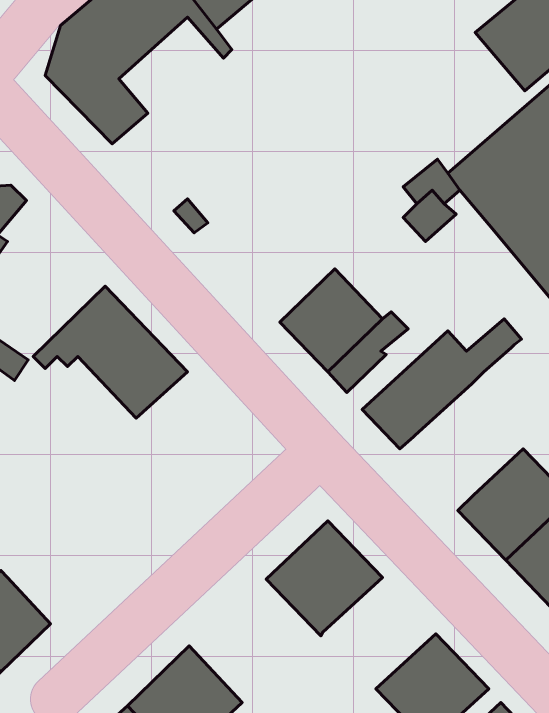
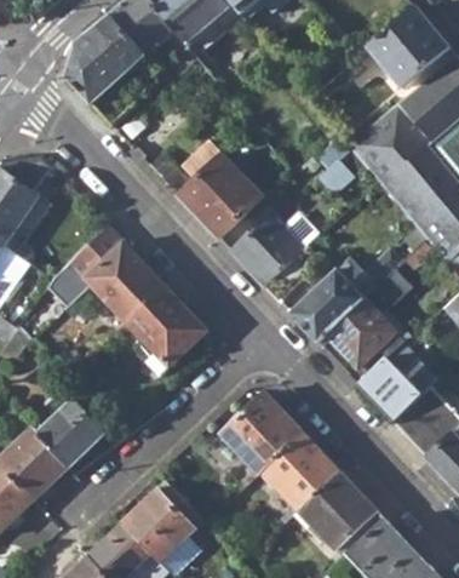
building: none -> [174,151,260,238]
building: none -> [325,269,409,373]
building: none -> [126,286,207,373]
building: none -> [38,399,103,464]
building: none -> [260,431,340,510]

